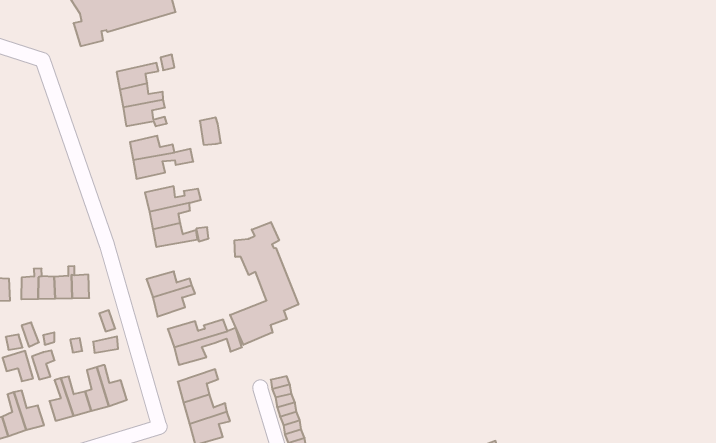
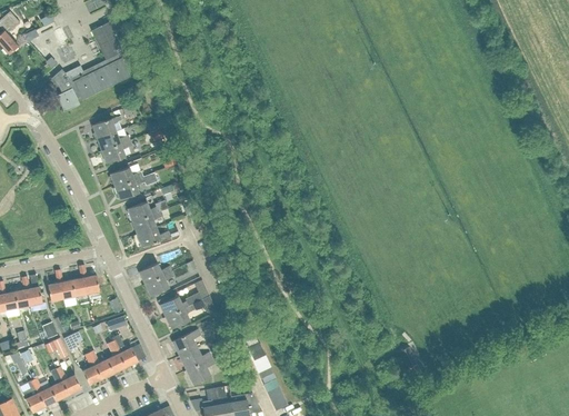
building: [230,222,298,345] -> none

